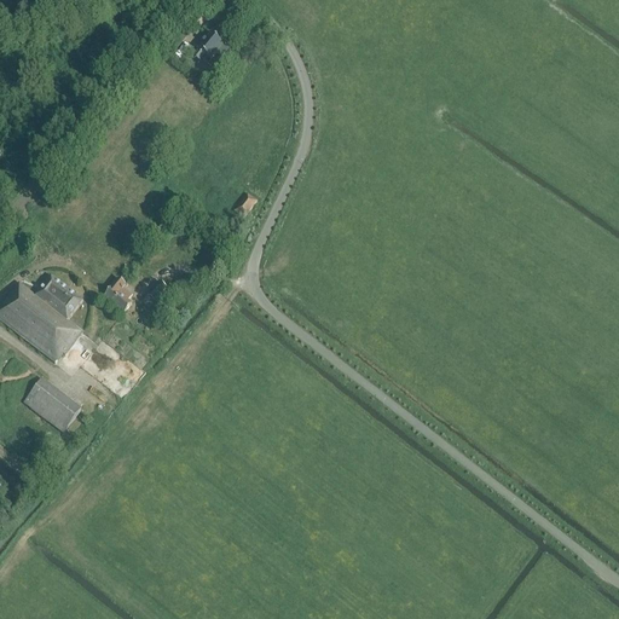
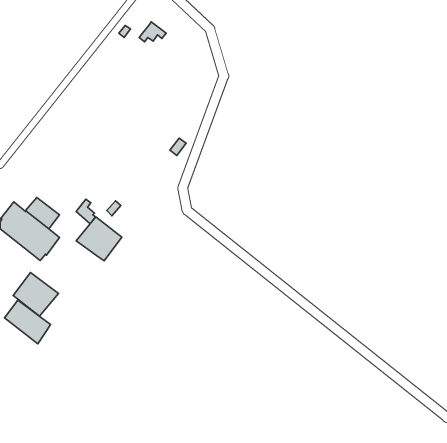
building: none -> [76,217,122,261]
building: none -> [4,300,50,344]

